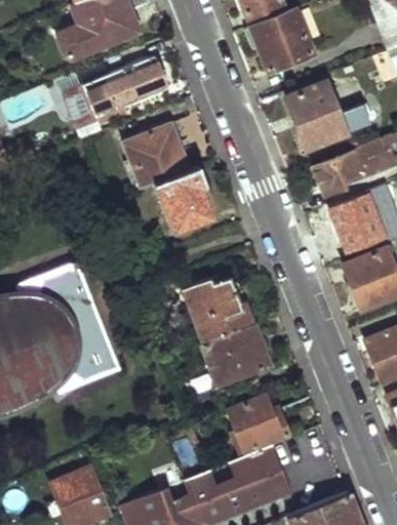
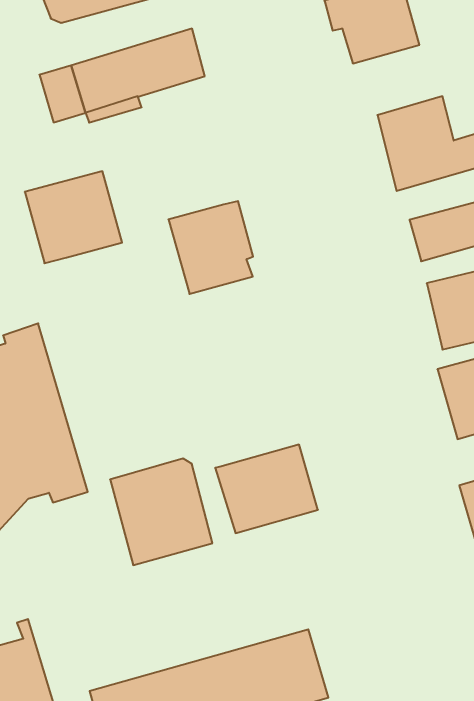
building: [123,123,191,188] -> [25,171,122,263]
building: [184,270,255,344] -> [110,459,212,565]
building: [228,396,289,454] -> none

